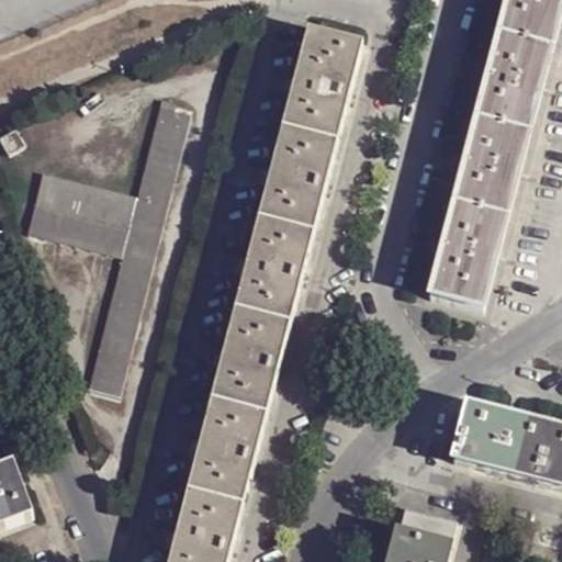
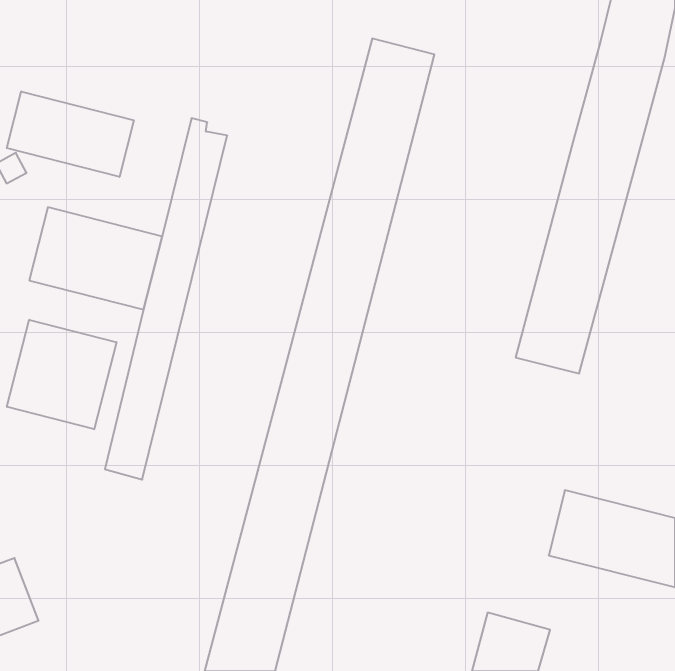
building: none -> [7,91,134,177]
building: none -> [7,320,116,429]

